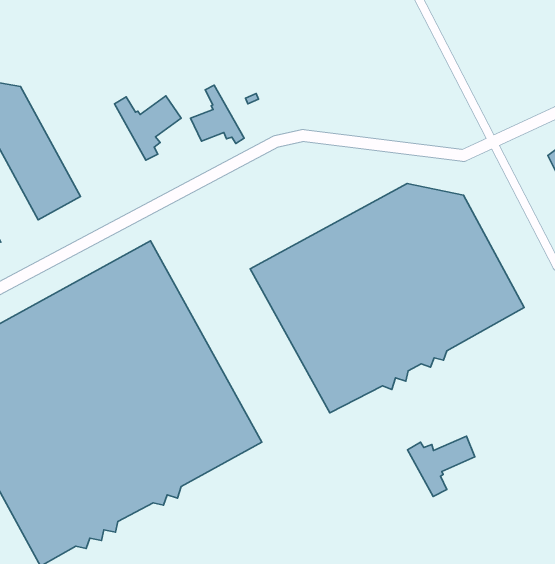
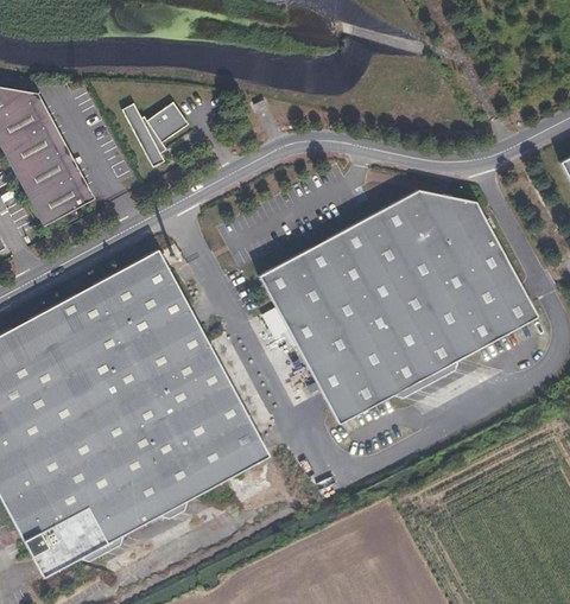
building: [191,85,244,144] -> none
building: [408,436,475,497] -> none

